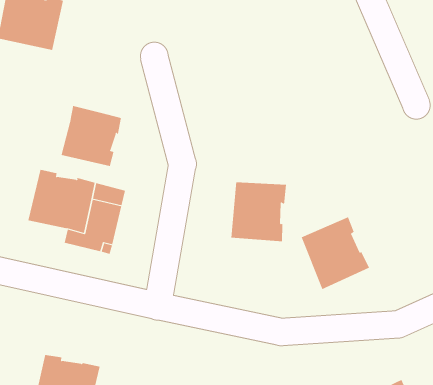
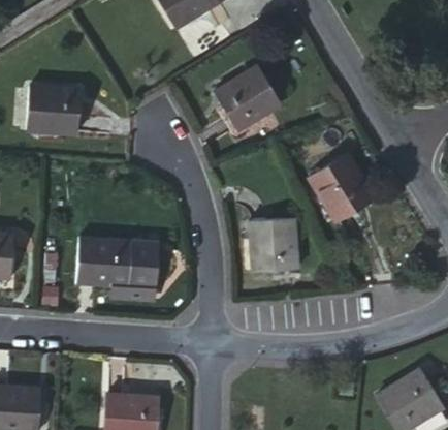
building: none -> [215,65,282,130]
building: [61,105,122,167] -> none
building: [301,217,370,290] -> [311,154,374,220]

